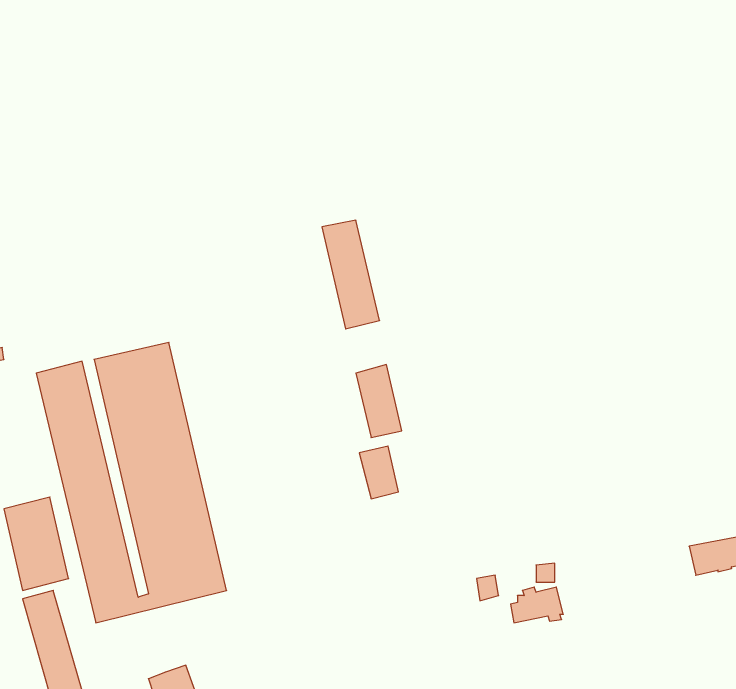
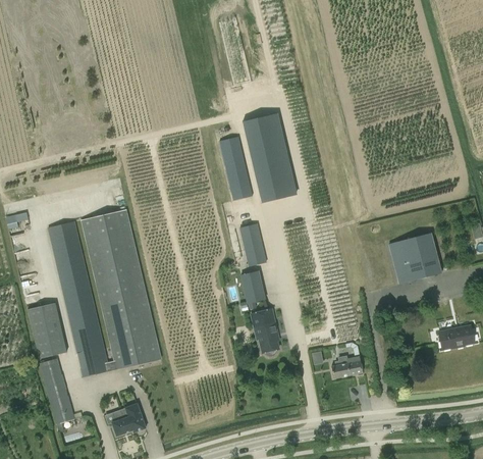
building: none -> [242,112,297,201]
building: none -> [387,232,441,285]
building: none -> [253,309,278,356]

